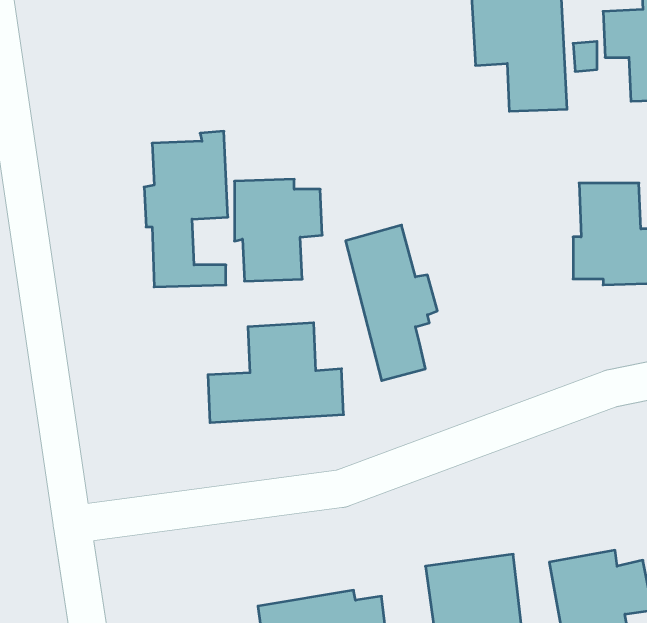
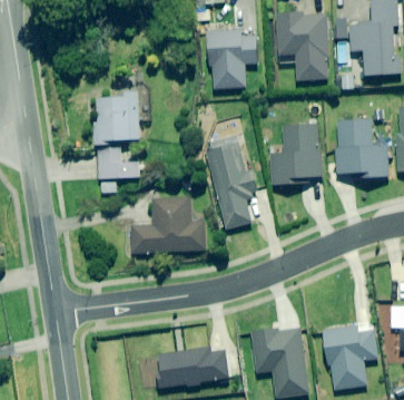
building: [234,179,322,281] -> [208,30,257,87]
building: none -> [267,123,322,186]

